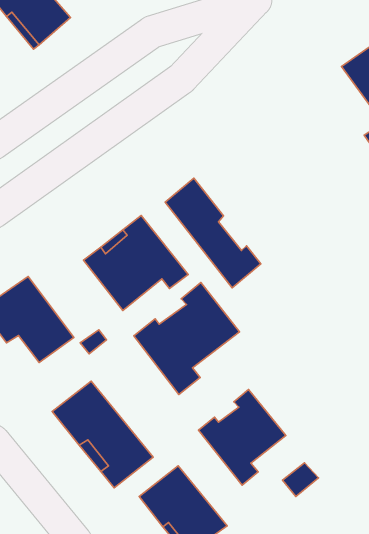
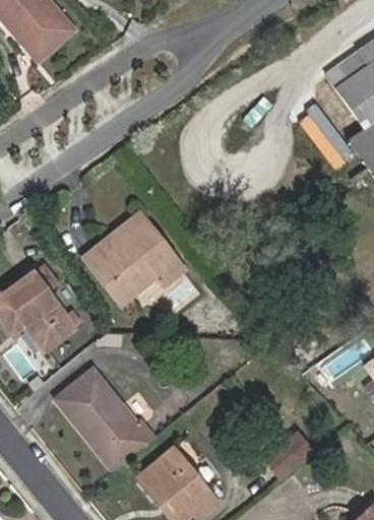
building: [165,178,261,288] -> none
building: [134,283,239,394] -> none
building: [199,389,286,485] -> none

